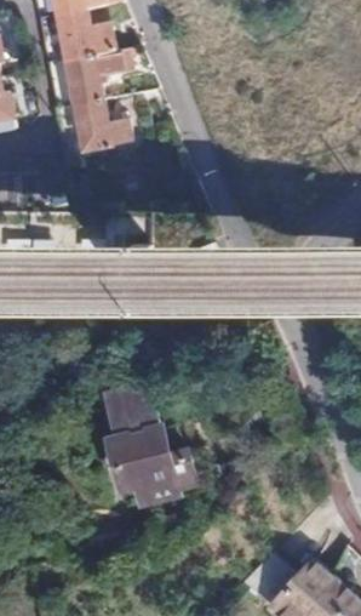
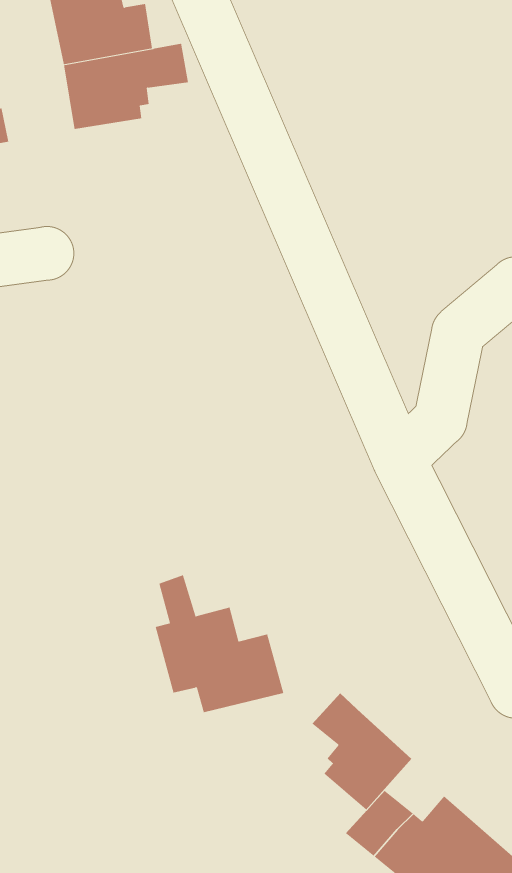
building: [57,101,130,154] -> none
building: [108,383,162,437] -> none
building: none -> [311,693,412,810]

